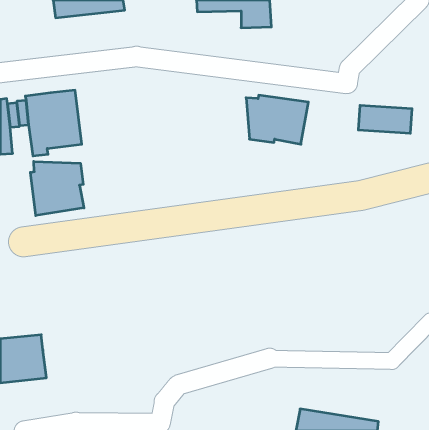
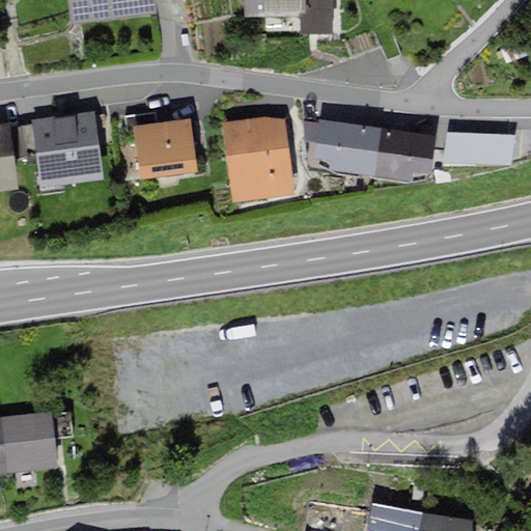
building: none -> [127,112,197,176]
building: none -> [223,115,294,201]
building: none -> [372,127,436,183]
building: [30,161,84,216] -> none

